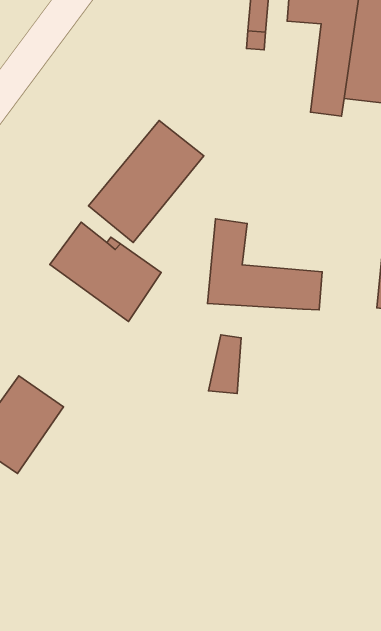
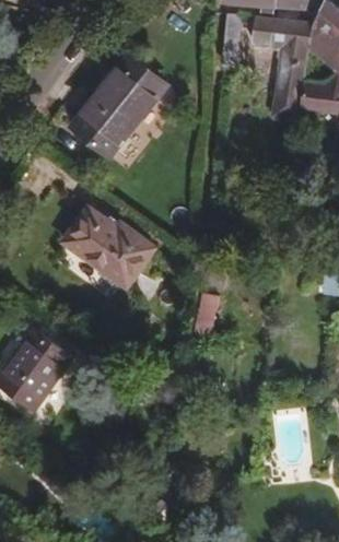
building: [89,120,204,243] -> [72,58,165,156]
building: [208,219,322,310] -> none

